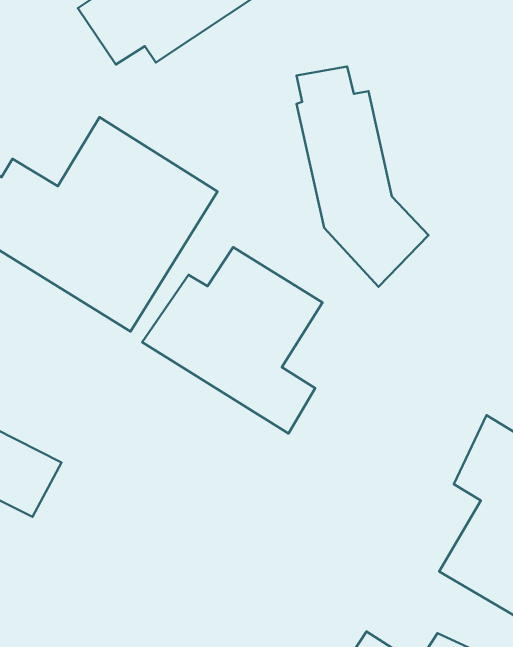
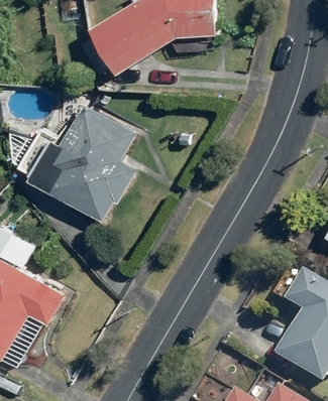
building: [296,66,429,287] -> none
building: [142,247,322,434] -> none

